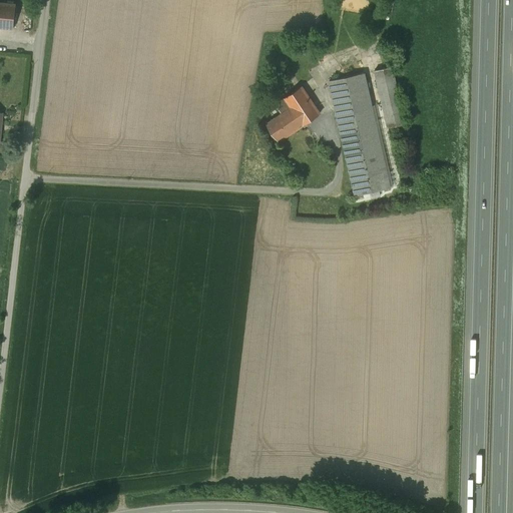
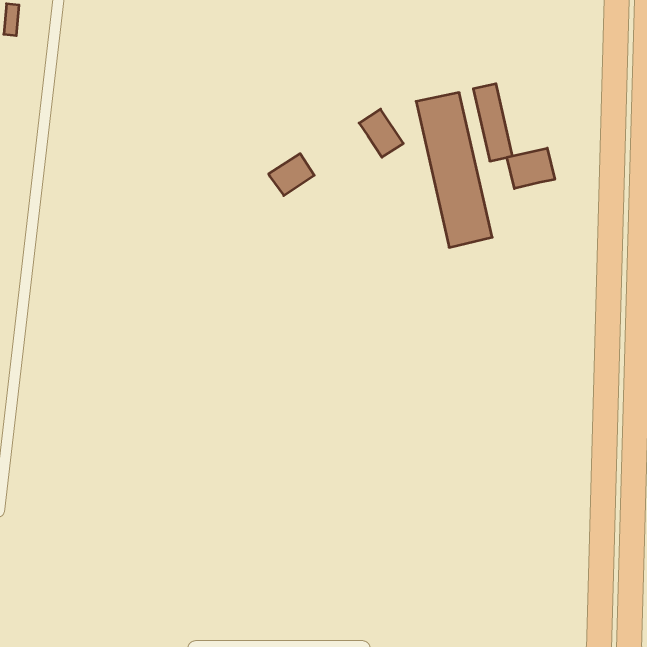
building: [266,108,302,141] -> [269,154,314,196]
building: none -> [507,148,555,189]

